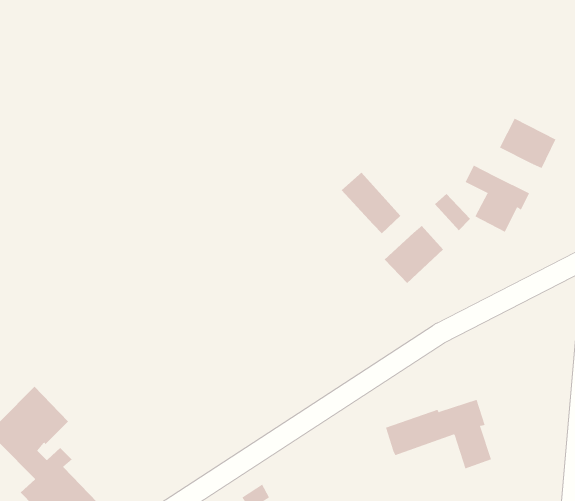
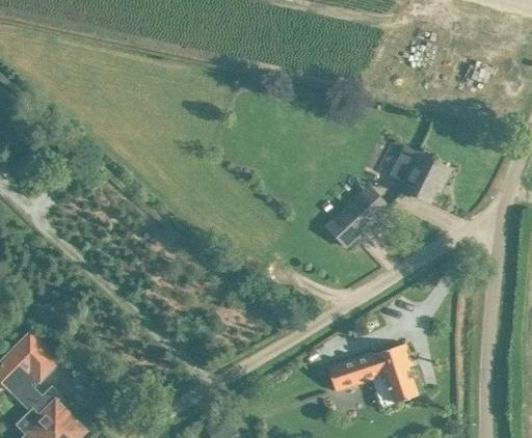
building: [499,118,556,169] -> none
building: [341,172,401,234] -> none

